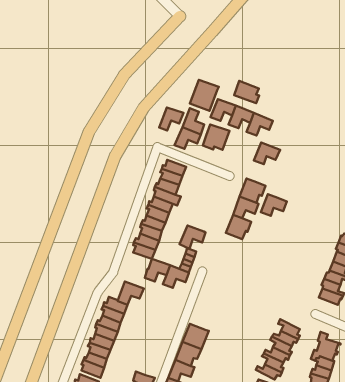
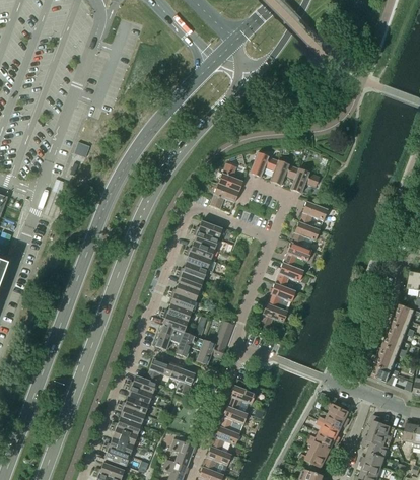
building: [190,80,219,111] -> none
building: [234,81,259,103] -> none
building: [159,108,184,131] -> none
building: [203,125,229,150] -> none
building: [261,194,287,216] -> [290,222,320,247]
building: [179,225,206,249] -> [258,303,287,330]
building: none -> [155,326,184,350]
building: none -> [169,366,195,396]
building: none -> [226,386,256,413]
building: none -> [169,439,195,467]

